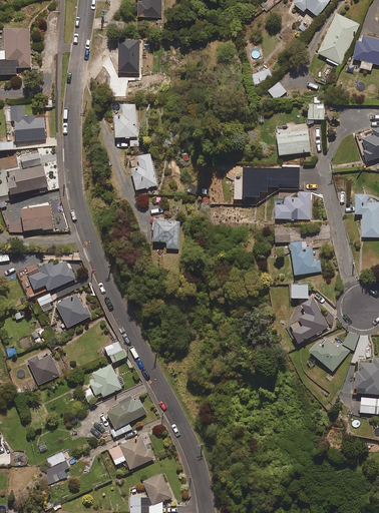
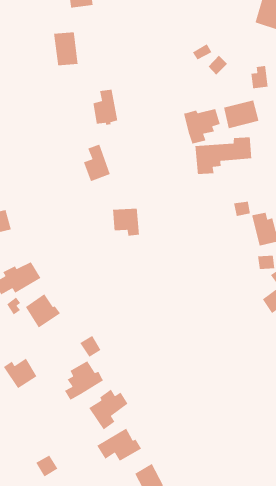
building: [113,104,136,139] -> [92,89,118,125]
building: none -> [183,108,221,145]
building: [275,191,310,219] -> none

